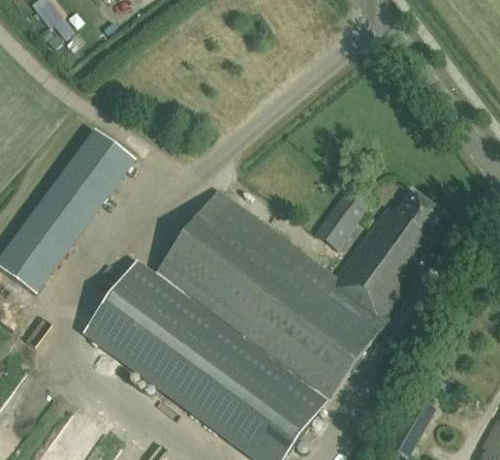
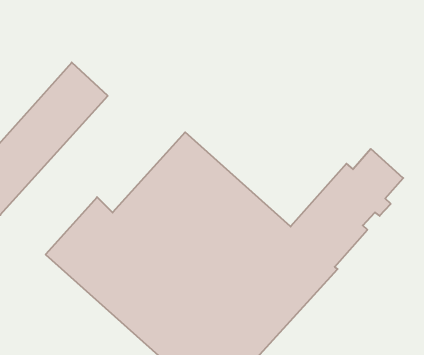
building: [311,182,373,252] -> none

